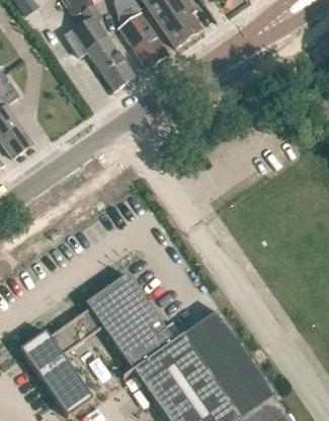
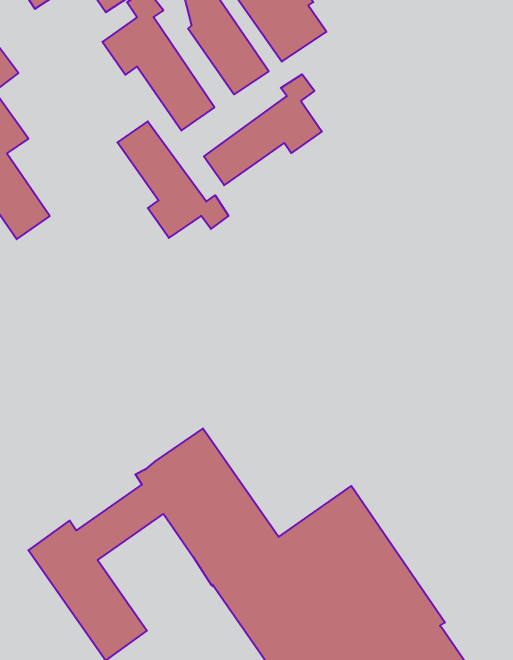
building: none -> [204,74,322,185]
building: none -> [117,121,228,238]

